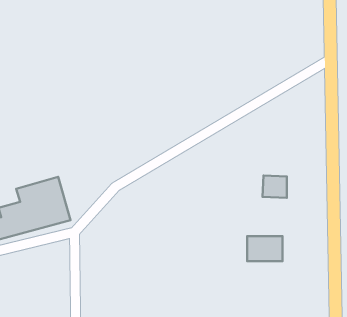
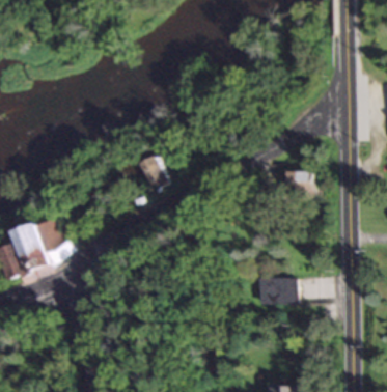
building: none -> [142,153,172,190]
building: [263,176,287,198] -> [288,170,313,193]

